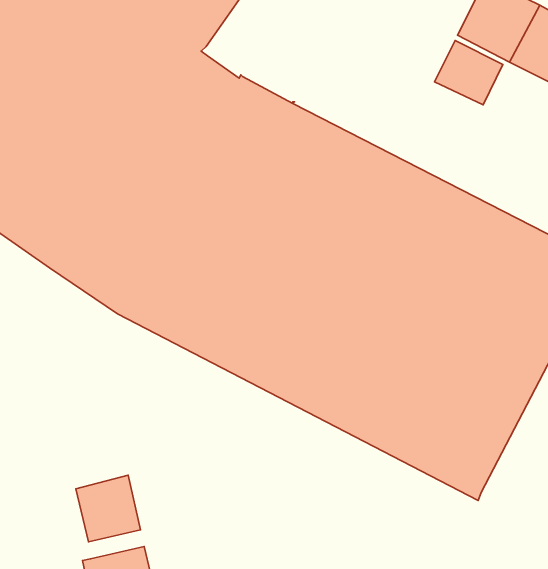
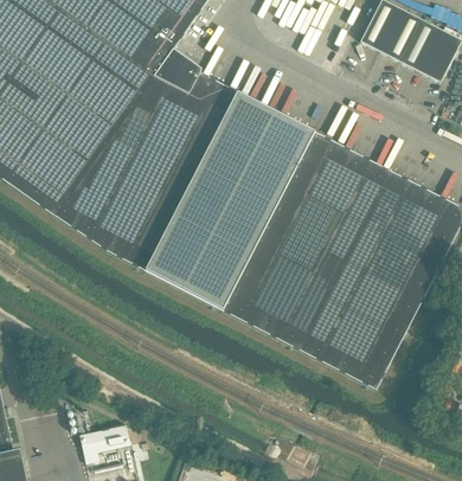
building: [435,41,503,105] -> none
building: [76,475,141,542] -> none

